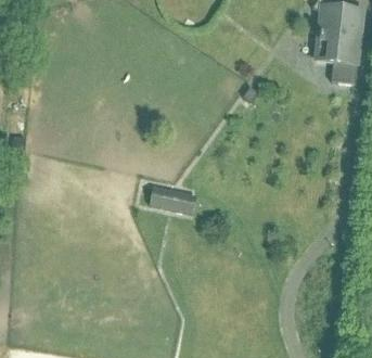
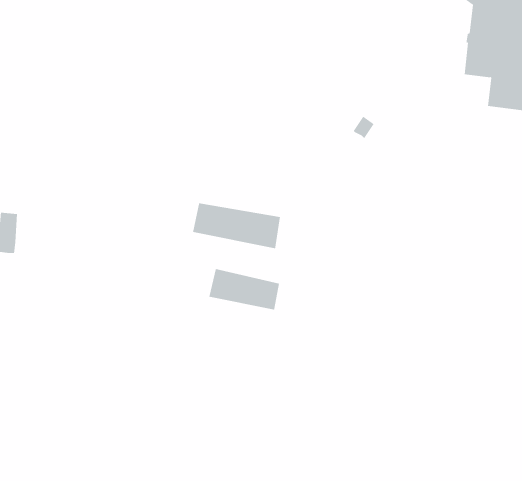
building: none -> [192,202,281,249]

